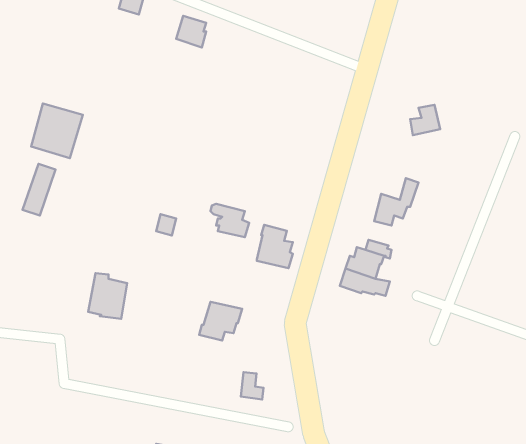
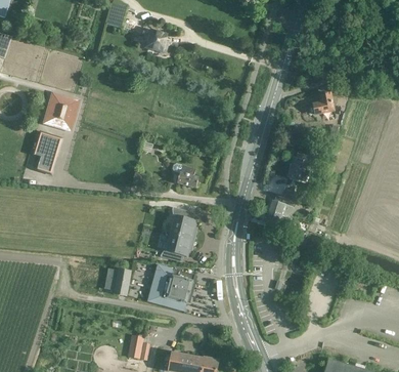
building: [257,225,293,268] -> [171,208,196,239]
building: [88,273,127,319] -> [103,263,131,296]
building: none -> [147,264,193,311]

